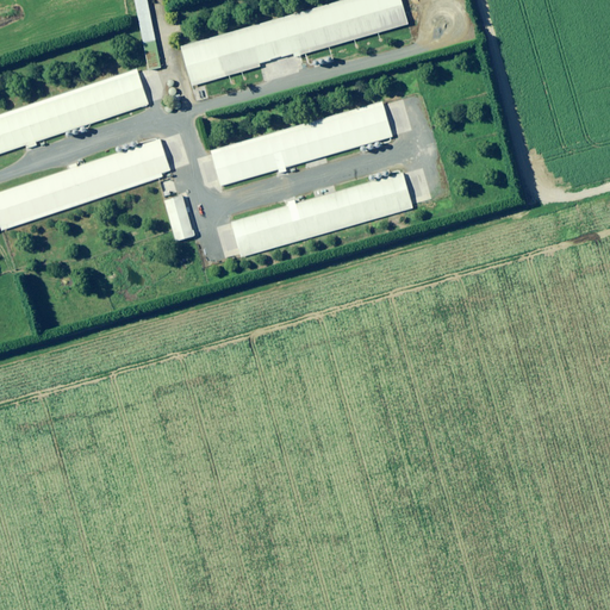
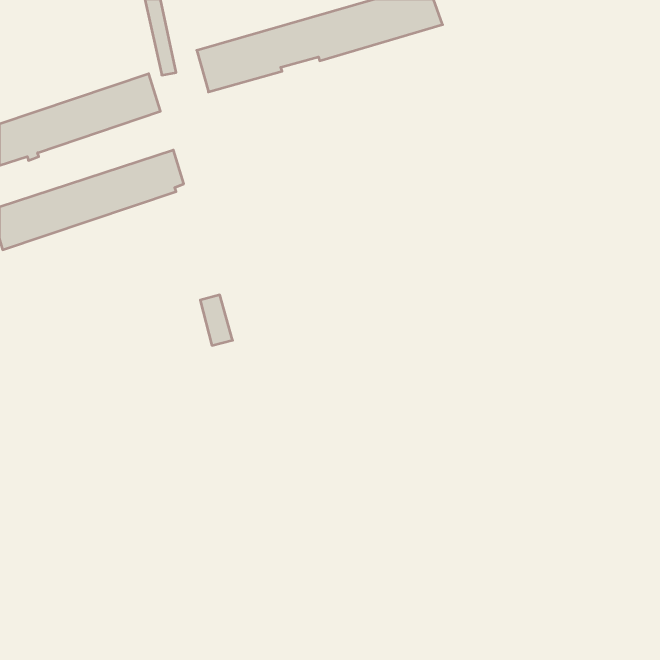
building: [211,101,391,185] -> none
building: [231,173,411,256] -> none
building: [164,194,194,241] -> [200,295,233,345]

